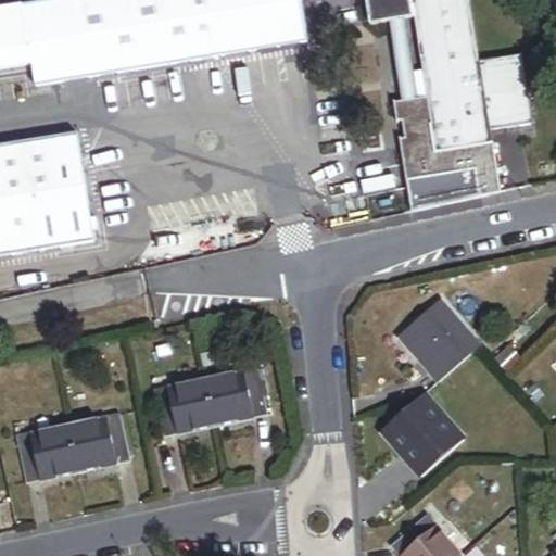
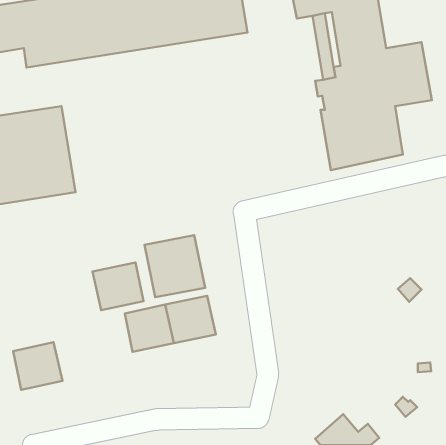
building: none -> [144,235,205,297]
building: [399,298,480,380] -> none
building: [381,392,463,476] -> none
building: [66,413,129,471] -> [92,263,143,310]

